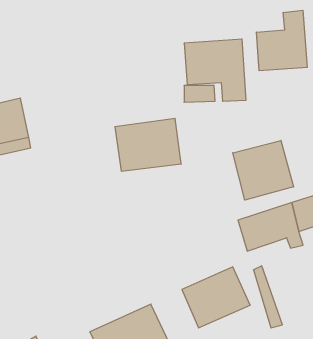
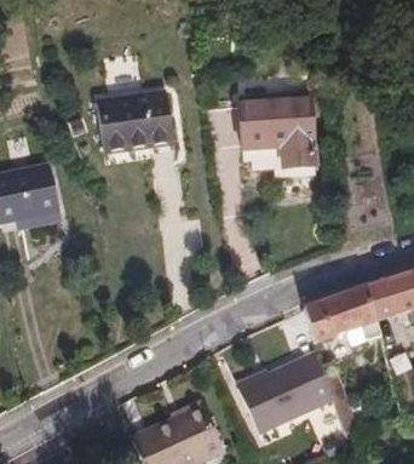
building: [256,10,307,71] -> none
building: [115,118,181,171] -> [96,90,173,151]
building: [233,140,294,200] -> none

